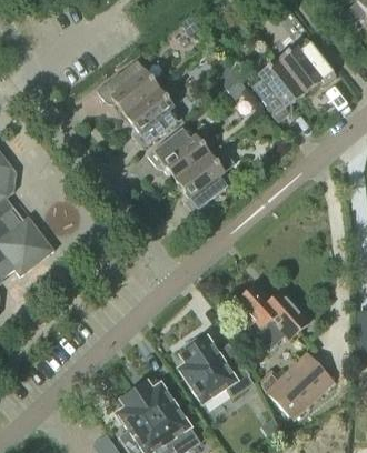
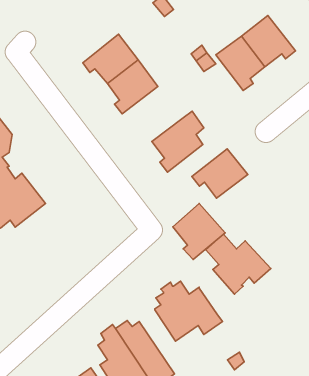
building: [147,123,210,179] -> [192,149,248,198]
building: none -> [173,204,225,259]
building: [260,352,329,415] -> none

